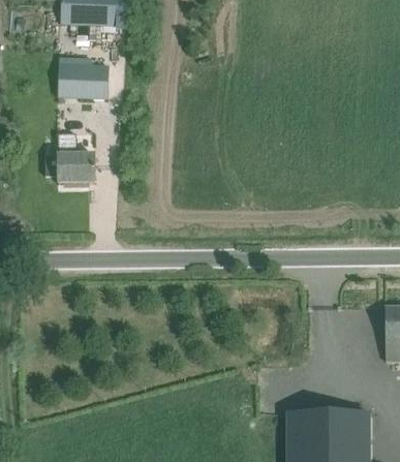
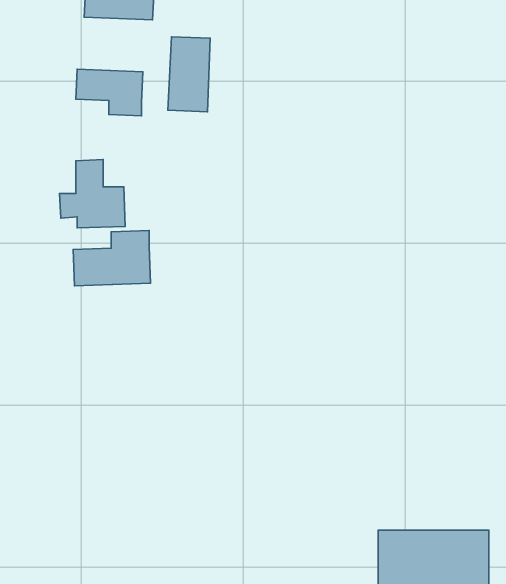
building: none -> [168,37,210,112]
building: none -> [73,230,150,286]

